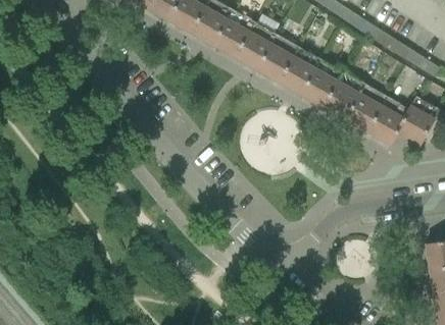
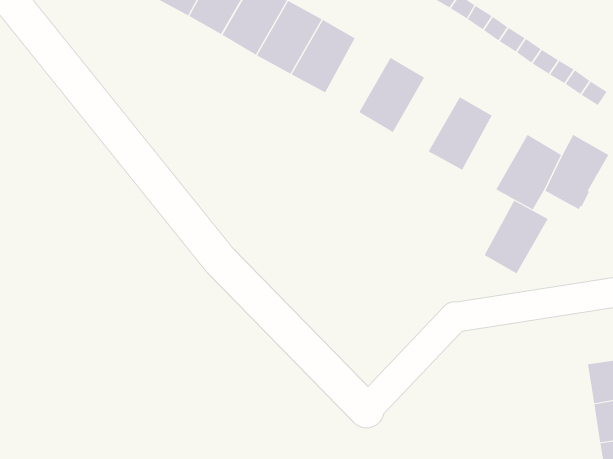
building: [256,34,298,82] -> none
building: [300,59,343,107] -> none
building: [345,84,387,131] -> [484,200,548,274]

